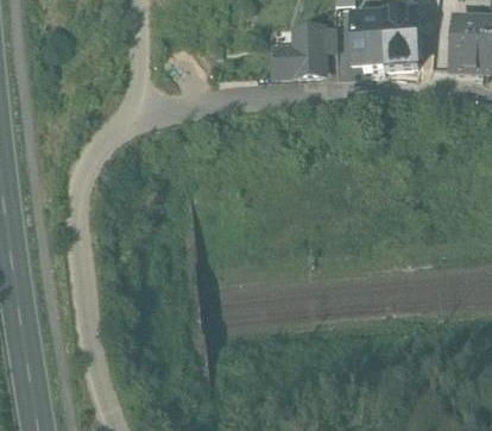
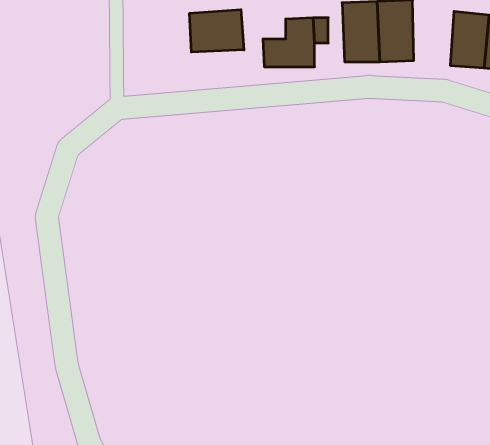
building: none -> [190,10,244,52]

